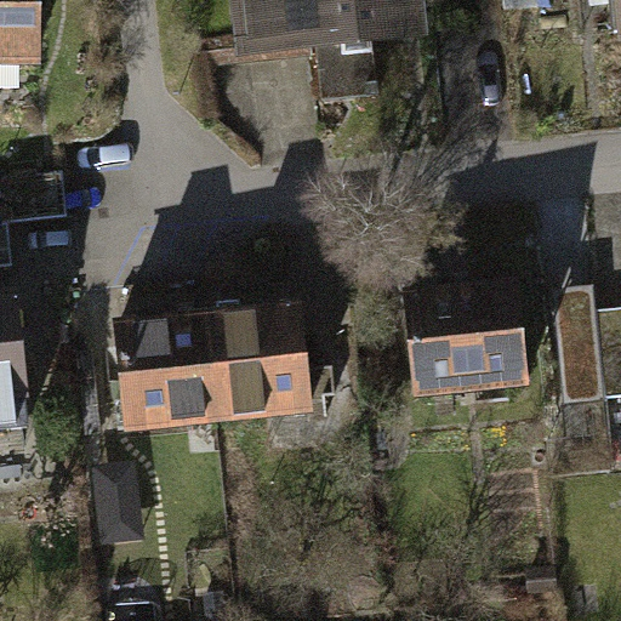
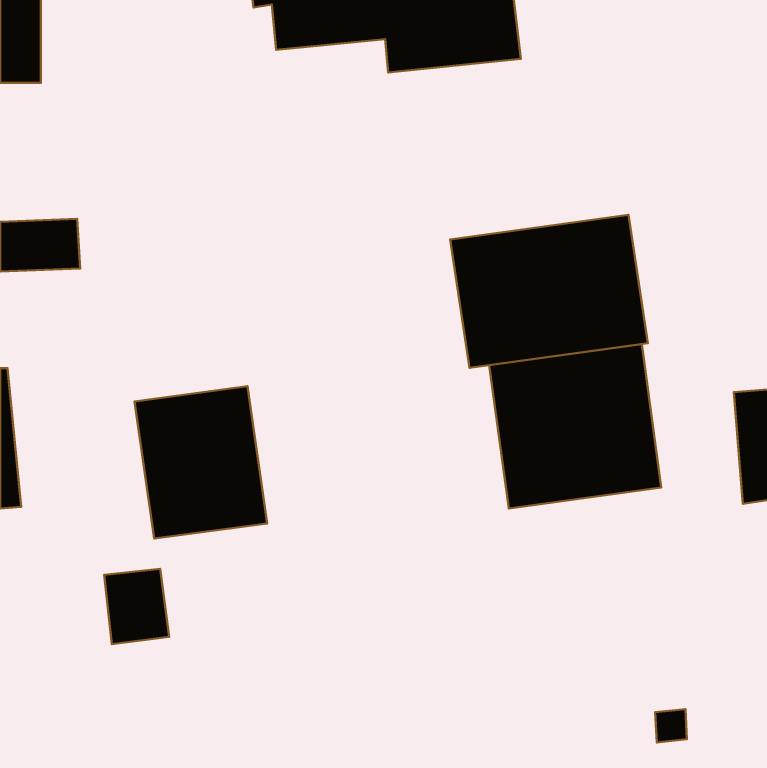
building: none -> [450,215,648,368]
building: [203,298,309,421] -> none

